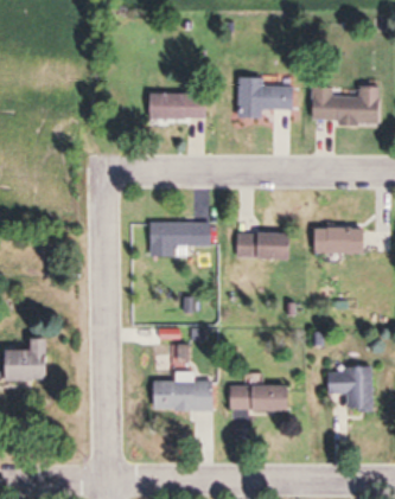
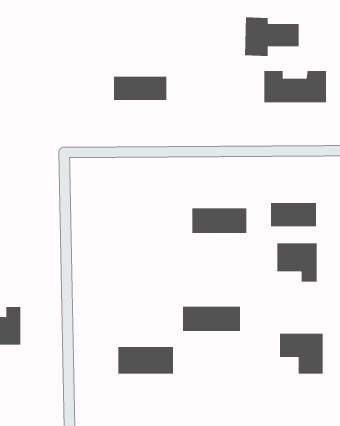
building: [235,77,294,120] -> [244,17,300,57]
building: [148,223,212,257] -> none
building: none -> [277,243,317,283]
building: [229,385,292,412] -> [182,306,241,332]

